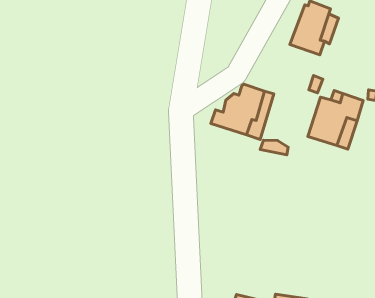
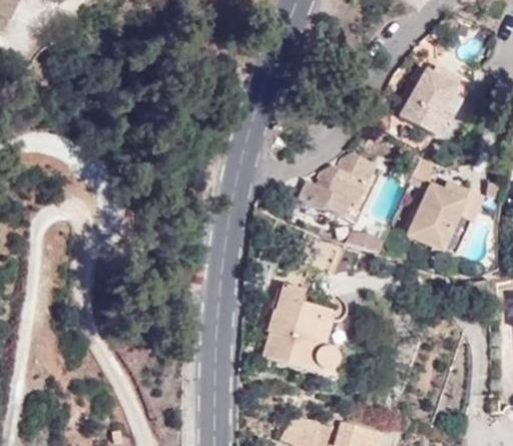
building: none -> [262,281,337,370]

